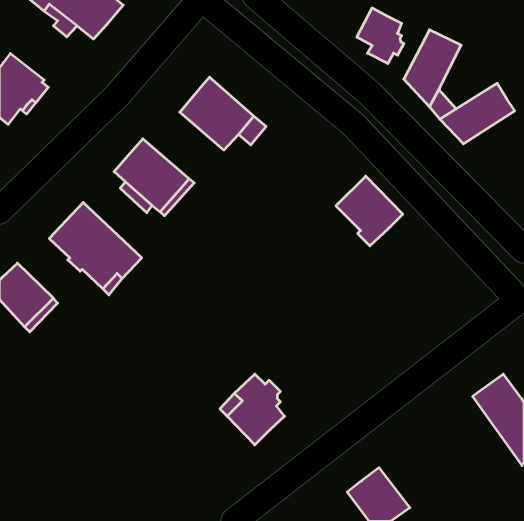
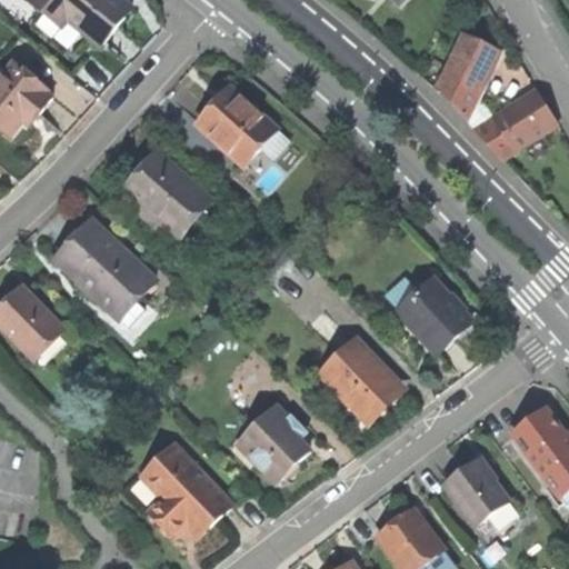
building: [357,8,404,64] -> none
building: [336,176,403,246] -> [398,276,470,351]
building: none -> [321,339,400,420]
building: none -> [142,445,232,535]
building: none -> [442,457,518,528]

